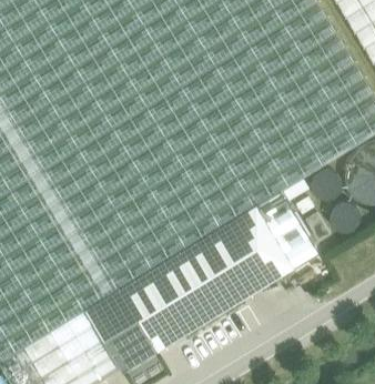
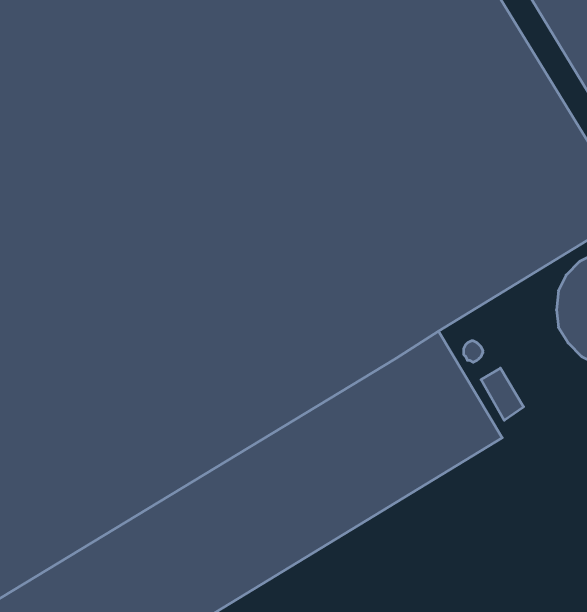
building: [312,173,341,203] -> none
building: [331,204,359,233] -> none

